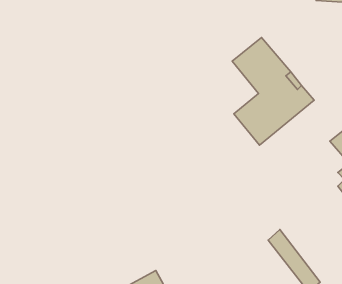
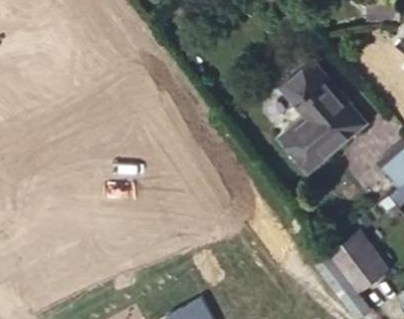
building: none -> [331,230,388,290]

